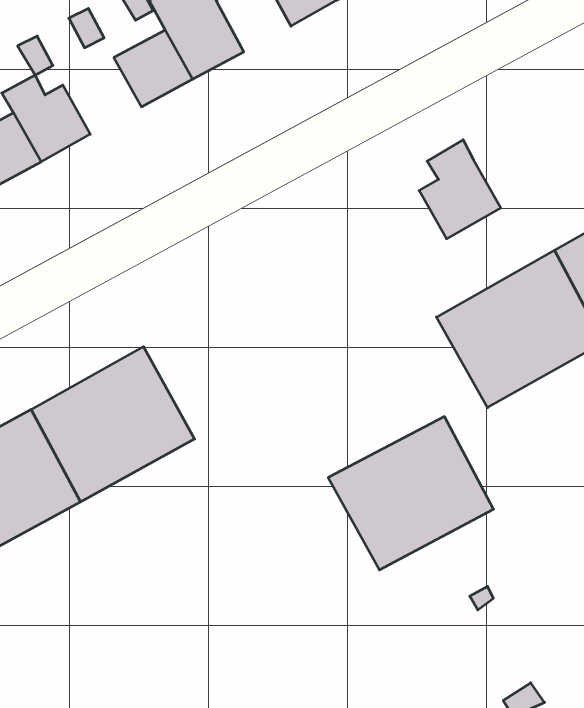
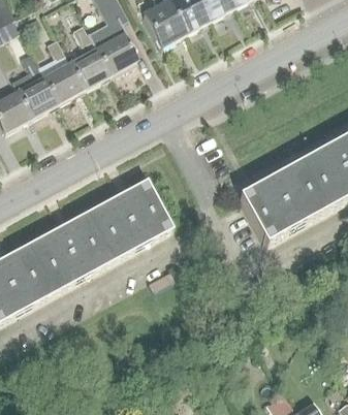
building: none -> [43,61,85,101]
building: [419,140,501,239] -> none
building: [328,417,494,570] -> [86,181,172,261]

